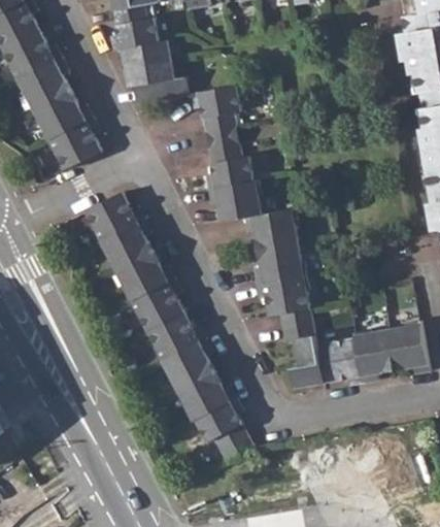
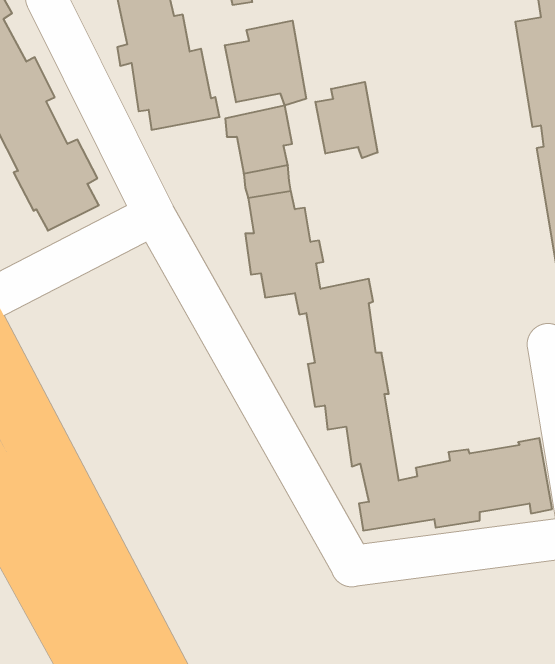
building: none -> [225,21,306,106]
building: none -> [315,82,378,158]
building: [84,195,253,466] -> none

